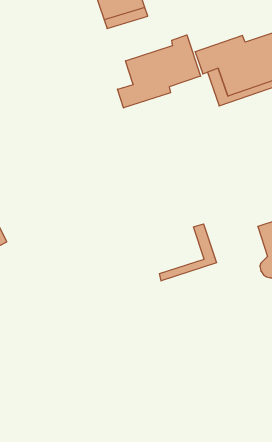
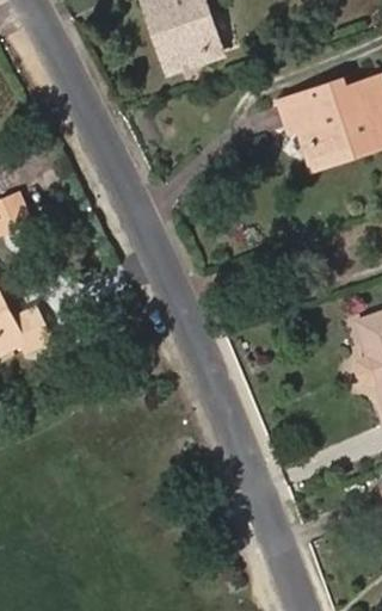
building: [118,35,201,108] -> none
building: [160,224,216,281] -> none

